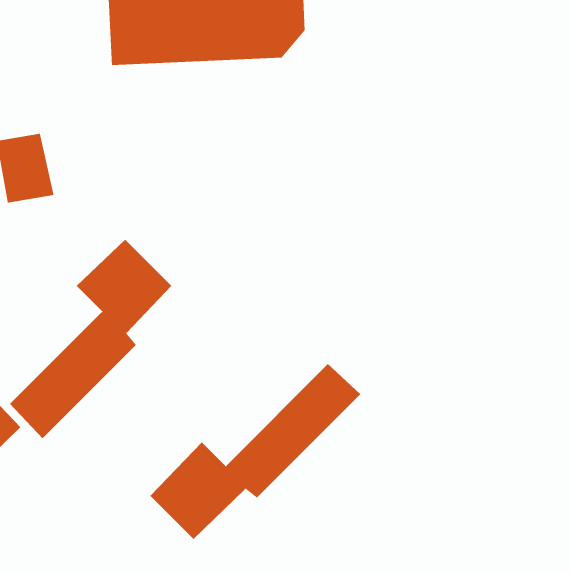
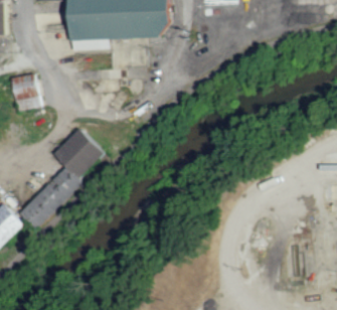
building: [150,363,361,540] -> none

